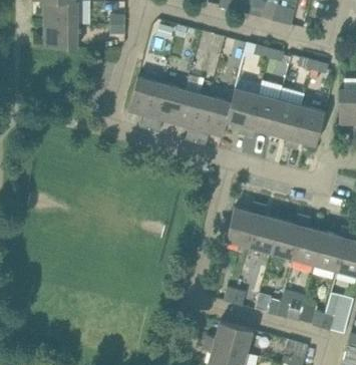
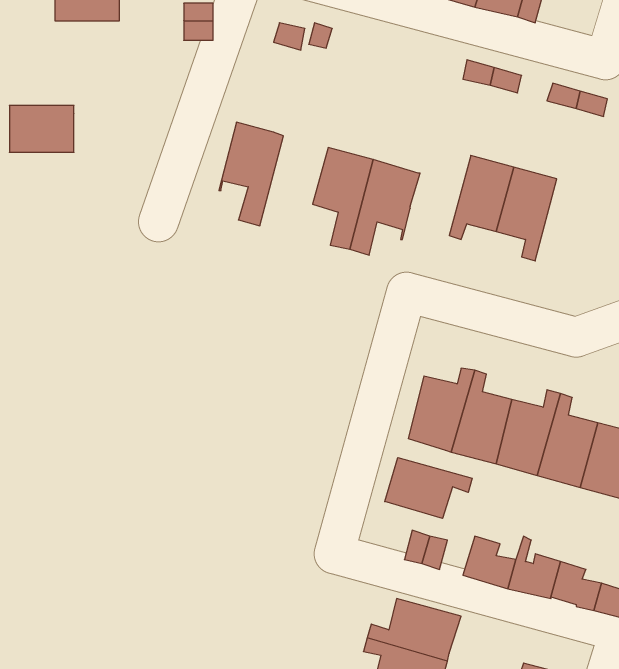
building: [44,25,77,49] -> [9,105,74,152]
building: [149,84,185,133] -> none
building: [227,88,258,135] -> none
building: [291,106,325,149] -> none
building: none -> [385,458,472,518]

